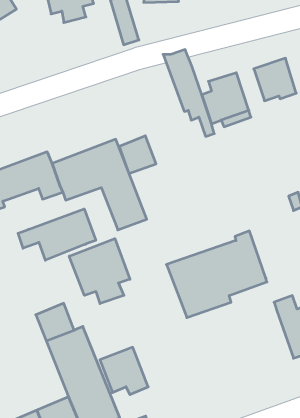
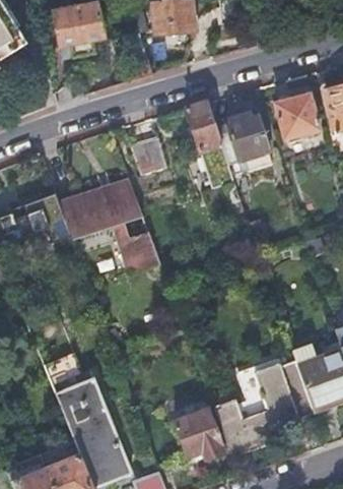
building: [119,136,156,173] -> [129,133,167,173]
building: [18,209,96,260] -> none
building: [166,231,267,318] -> [209,359,315,450]
building: [69,239,130,304] -> none
building: [100,347,148,395] -> [173,407,223,456]

